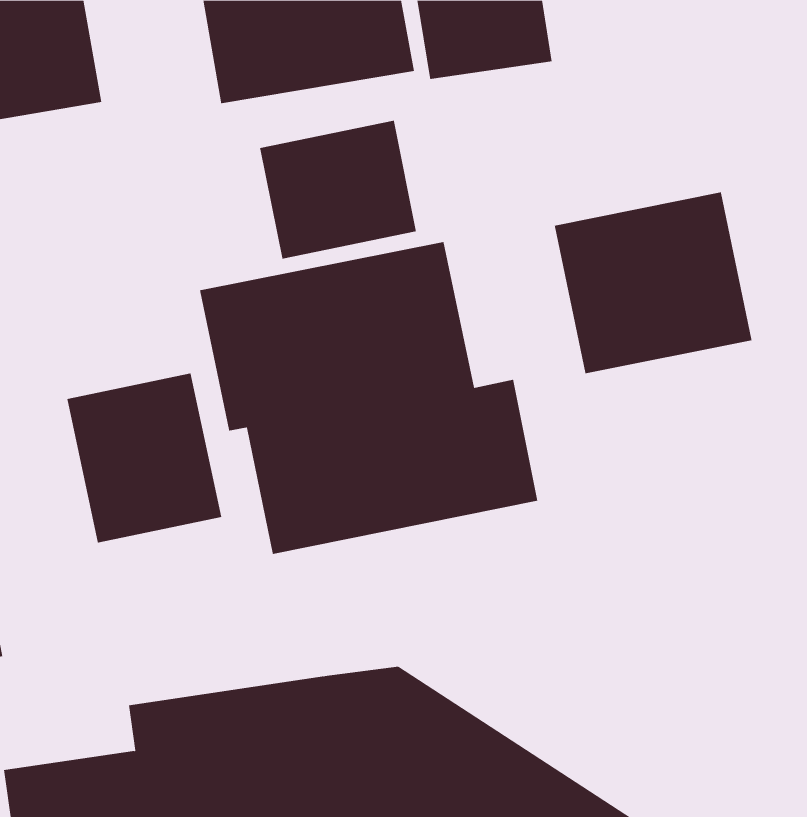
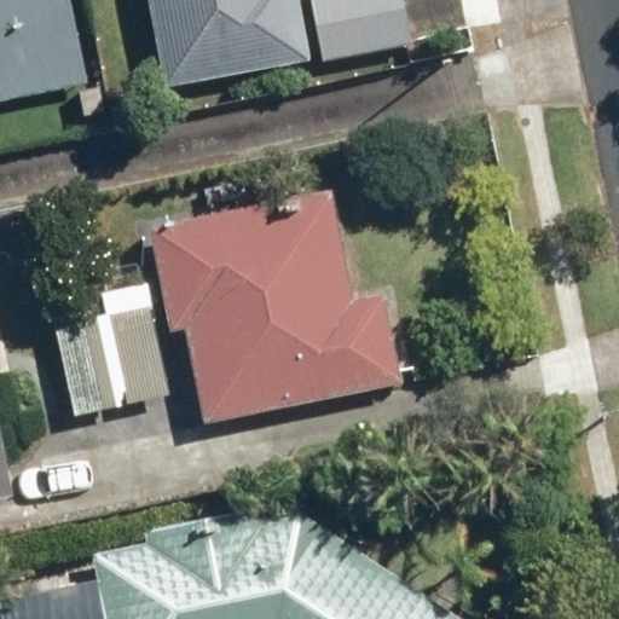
building: [260,120,417,259] -> none
building: [554,192,752,374] -> none

